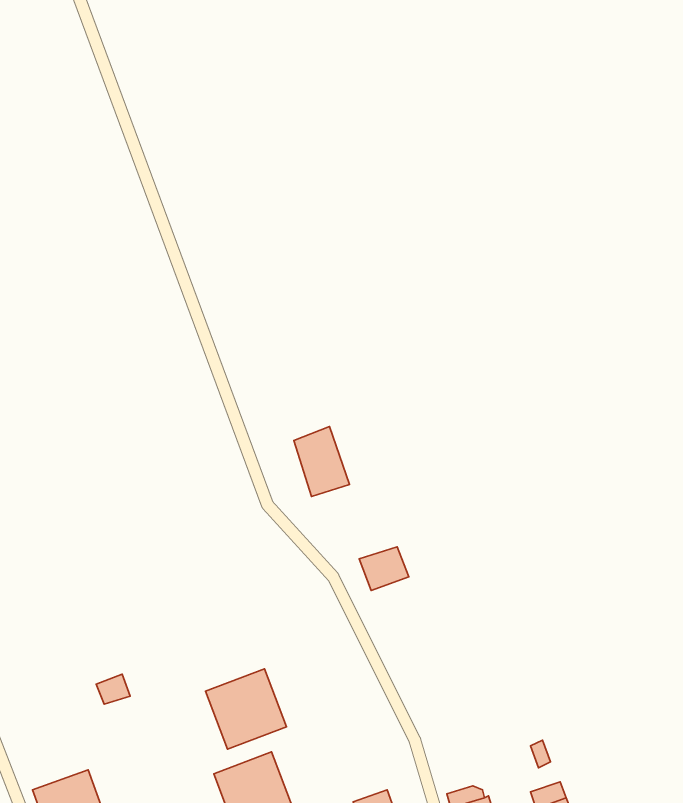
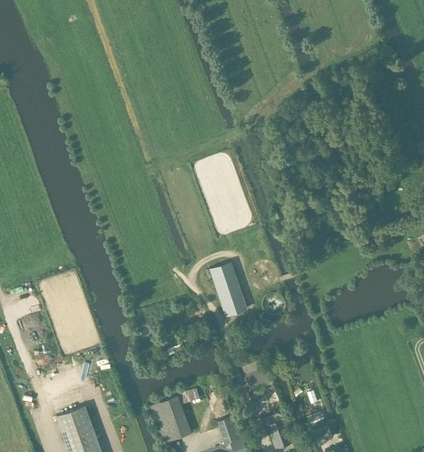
building: [294,427,349,496] -> [212,265,240,300]
building: [206,669,286,749] -> none

